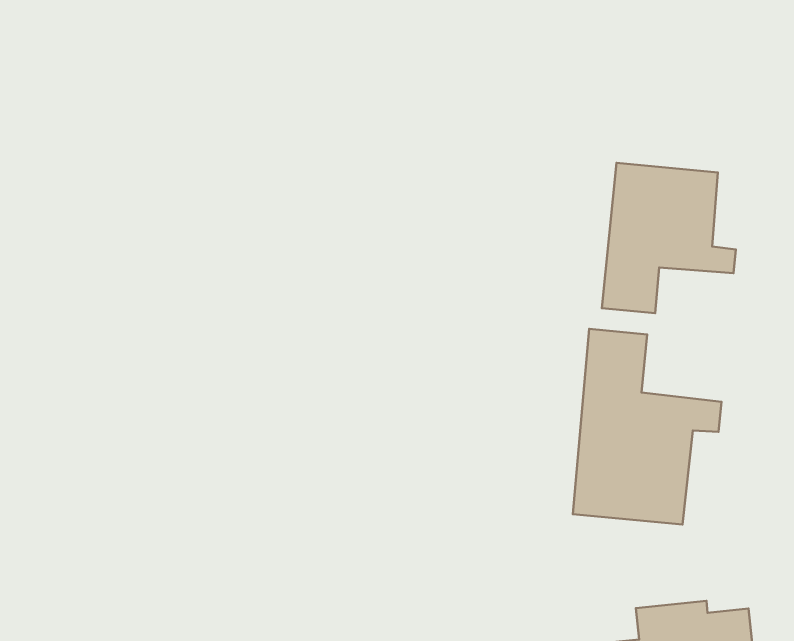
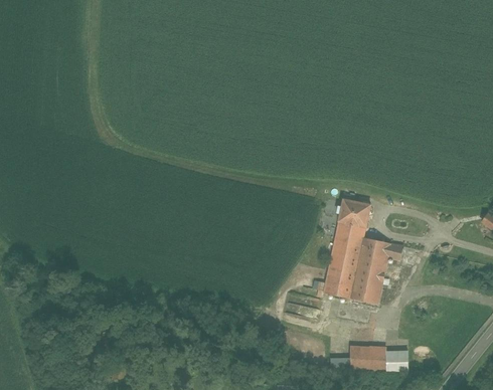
building: [602,163,736,313] -> none

